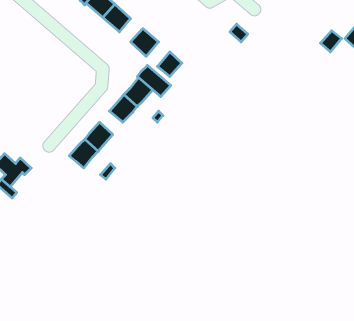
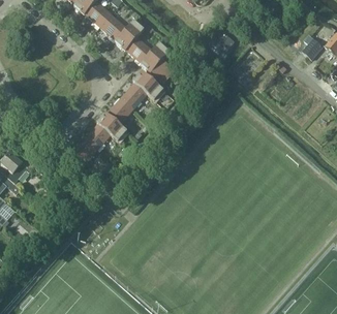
building: none -> [115,19,144,50]
building: none -> [140,41,170,72]
building: none -> [96,112,127,140]

